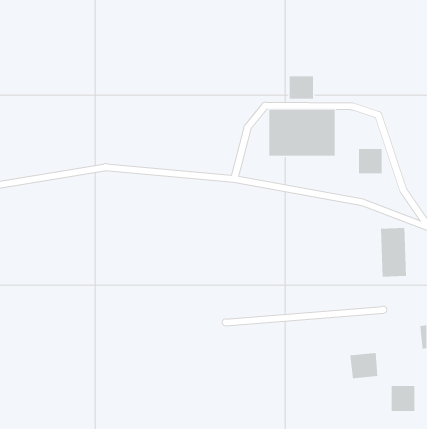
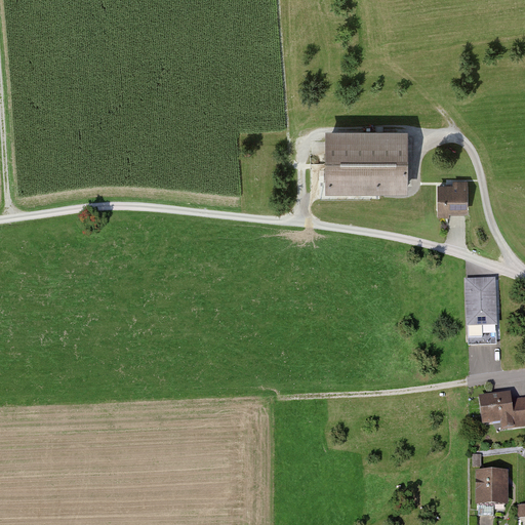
building: [289,76,314,99] -> none
building: [350,353,378,379] -> [478,392,513,423]

